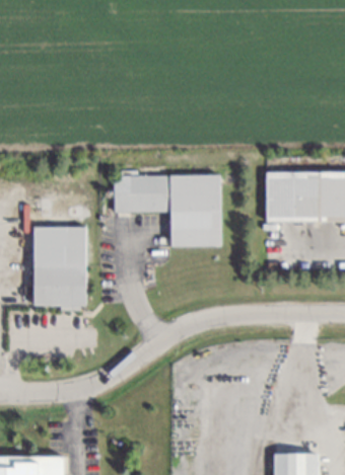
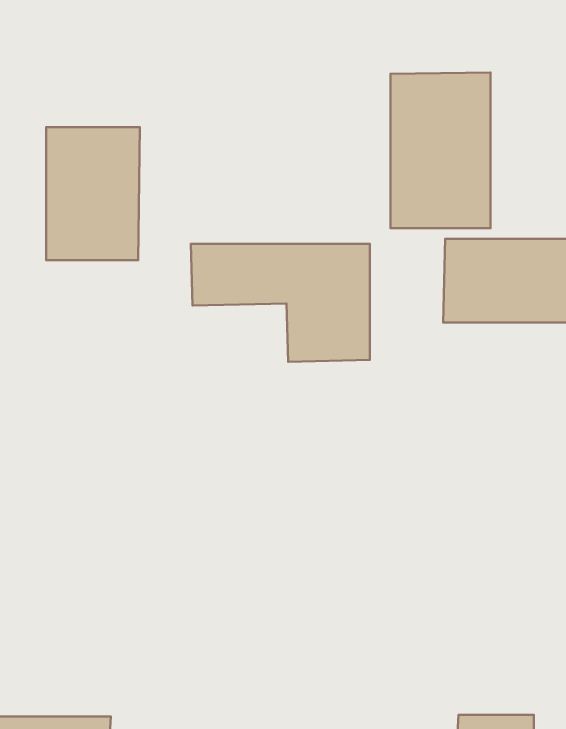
building: none -> [391,73,491,228]
building: [32,227,88,306] -> [46,127,140,260]

